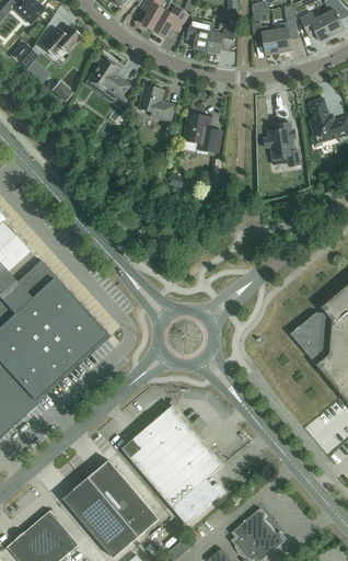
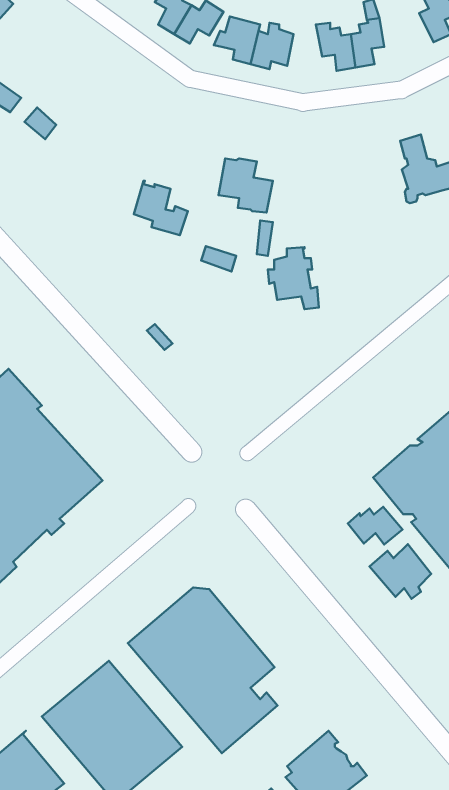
building: [299,12,332,42] -> none
building: [42,26,80,55] -> none
building: [88,57,130,99] -> none
building: [138,84,175,122] -> [134,181,188,235]
building: [264,123,299,165] -> [268,247,319,309]
building: none -> [348,507,402,545]
building: none -> [370,544,431,599]

